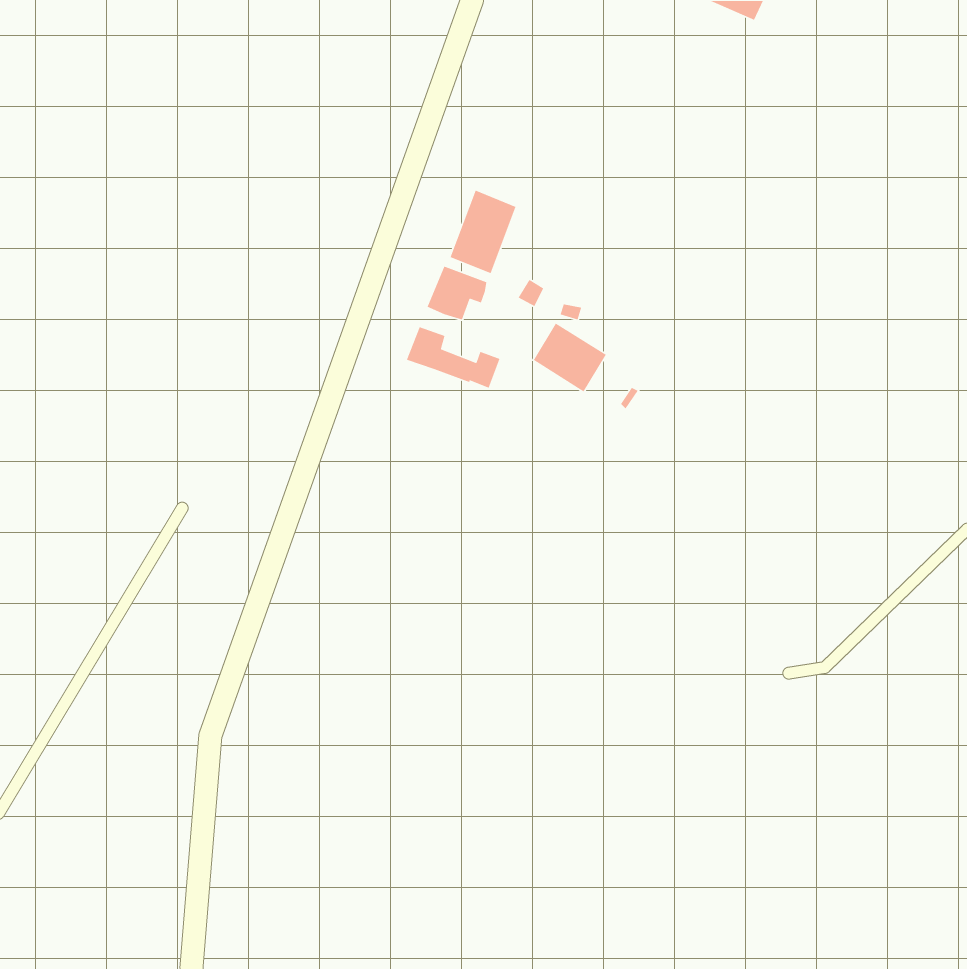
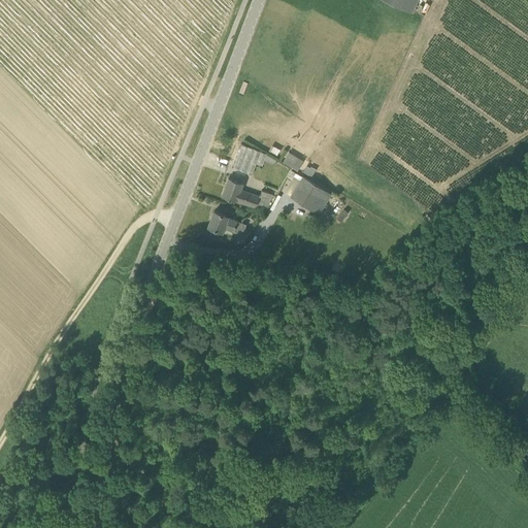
building: [450,190,517,274] -> none
building: none -> [207,210,246,234]

